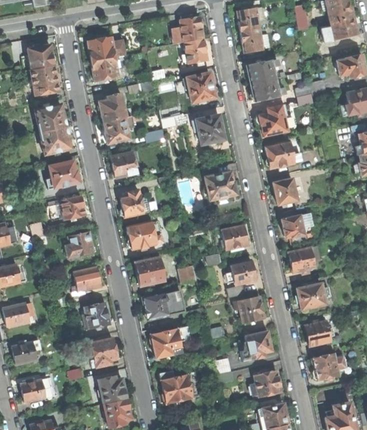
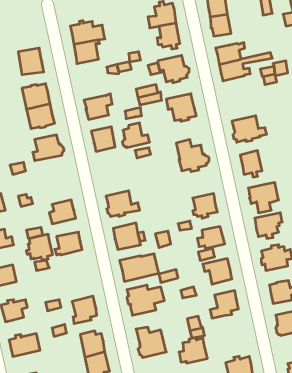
building: [22,43,56,70] -> none
building: [98,93,127,122] -> none
building: [255,103,289,136] -> none
building: [120,190,150,217] -> [122,123,150,148]
building: [49,195,86,220] -> none
building: [81,301,110,329] -> [26,234,53,260]
building: [251,368,282,396] -> [179,337,207,363]

